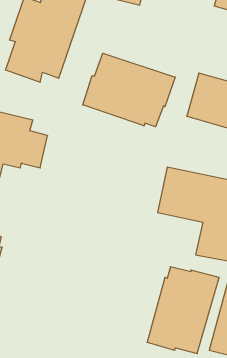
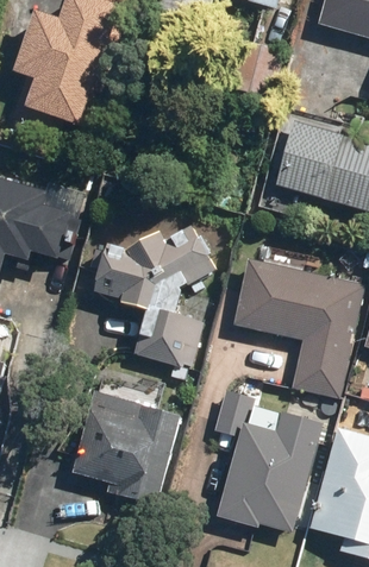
building: [83,53,175,127] -> none
building: none -> [93,225,215,367]
building: none -> [71,391,180,502]

